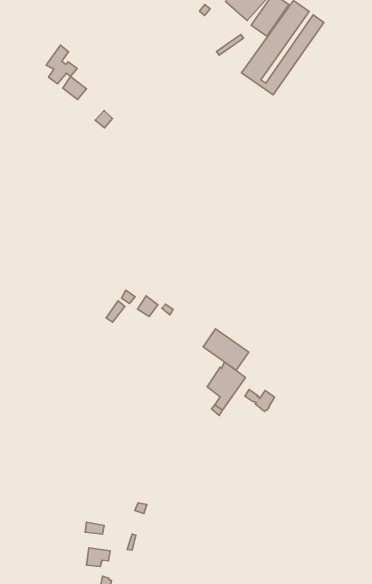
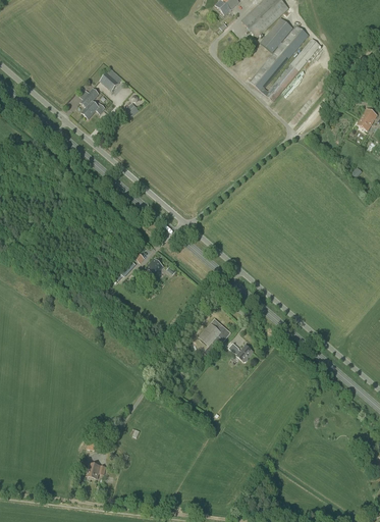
building: [46,45,77,84] -> [79,87,105,118]
building: [203,329,249,370] -> none

